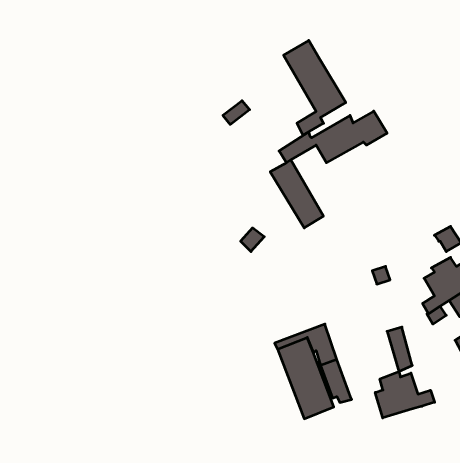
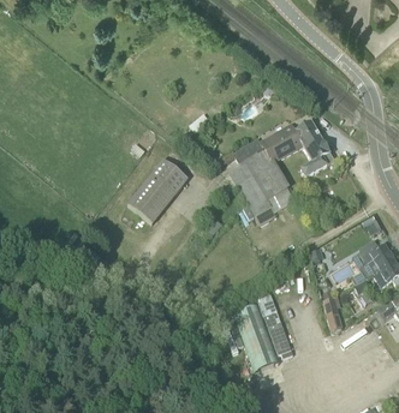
building: [284,40,346,135] -> [244,148,294,225]
building: none -> [300,138,335,176]
building: none -> [127,158,189,223]
building: [375,371,435,418] -> none

